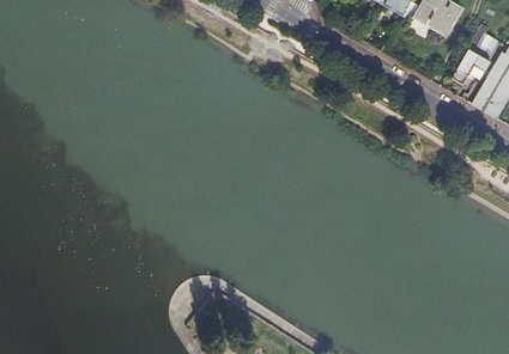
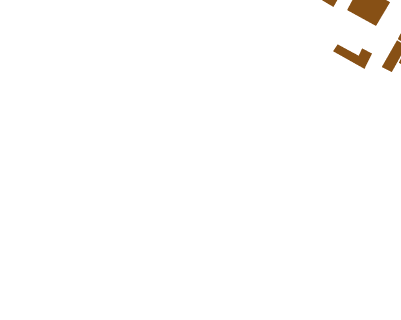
building: none -> [332,43,373,70]

